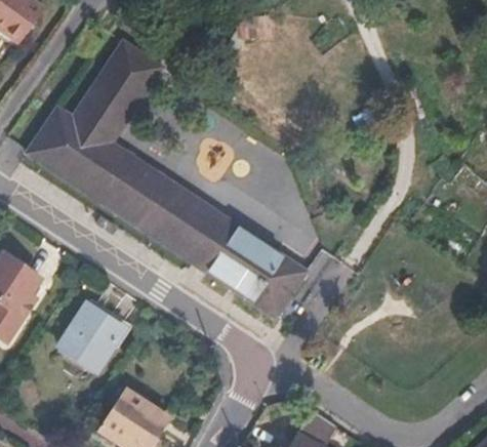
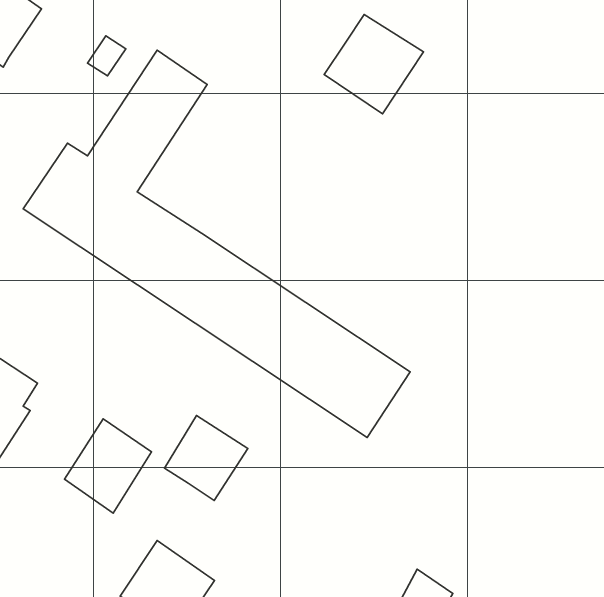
building: none -> [324,15,424,114]
building: none -> [164,416,248,500]

